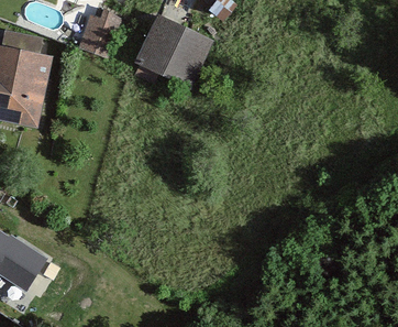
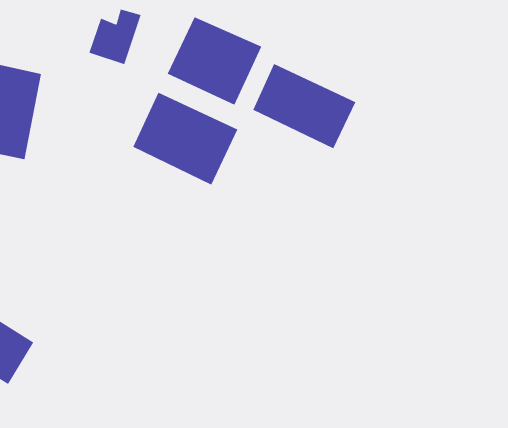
building: none -> [253,63,356,149]
building: none -> [133,92,238,185]

